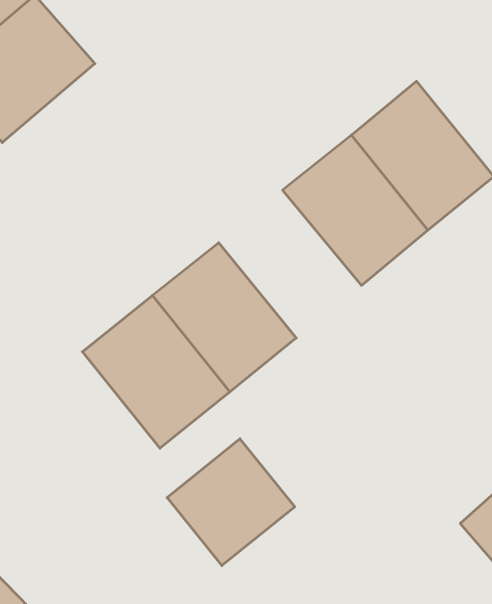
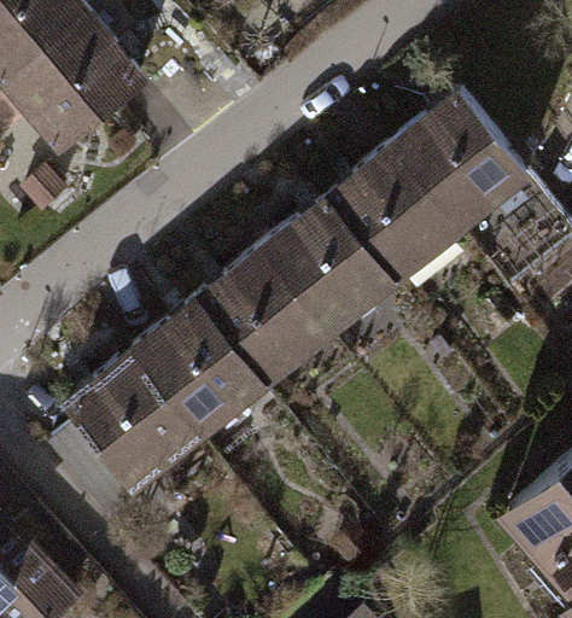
building: none -> [262,193,399,336]
building: none -> [60,349,205,497]
building: [167,439,295,566] -> none

